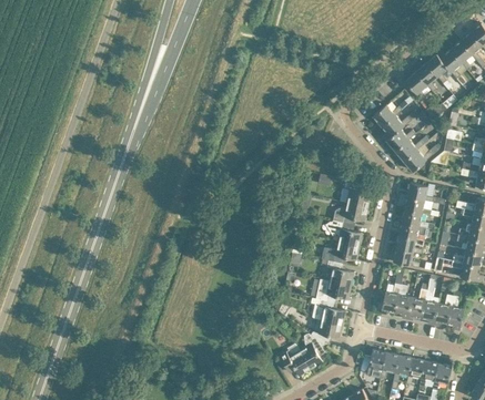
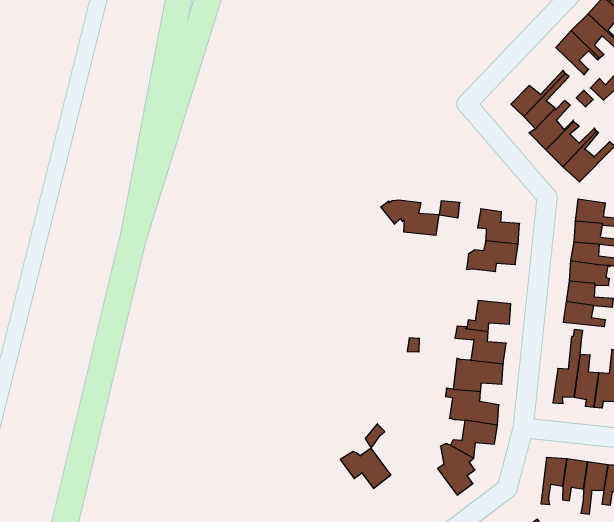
building: [324,220,362,246] -> [381,200,439,235]
building: [279,349,311,376] -> [340,448,391,488]

